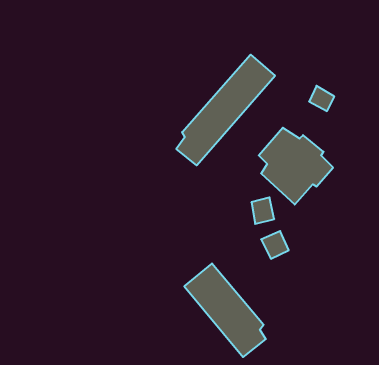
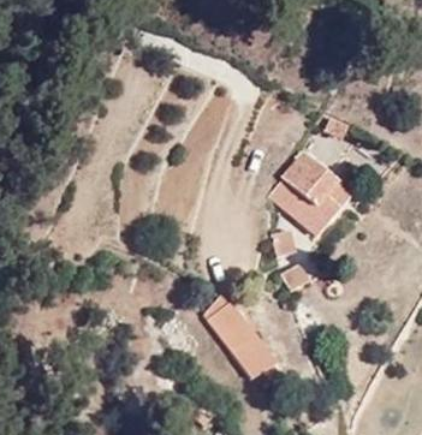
building: [176,55,275,165] -> none

